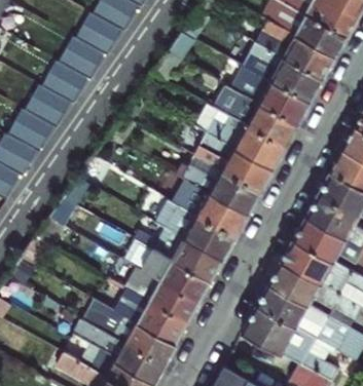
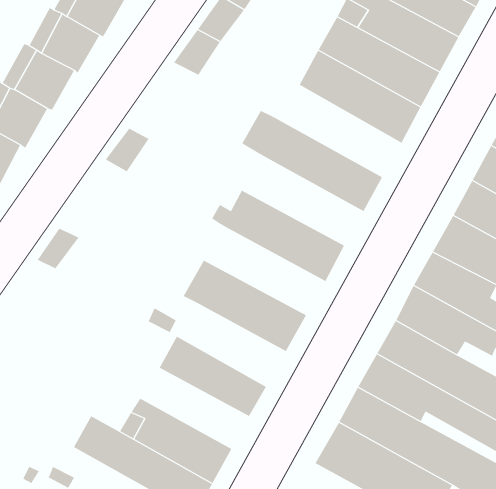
building: [210,79,298,147] -> none
building: [194,132,274,191] -> none
building: [170,178,249,236] -> none
building: [152,228,223,282] -> none
building: [126,268,199,322] -> none

